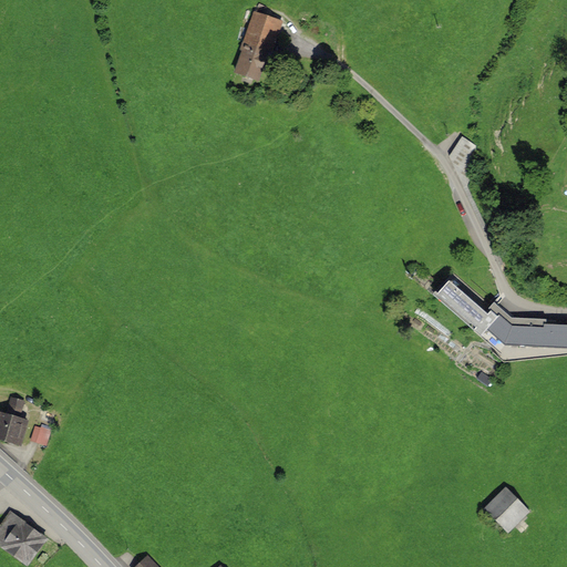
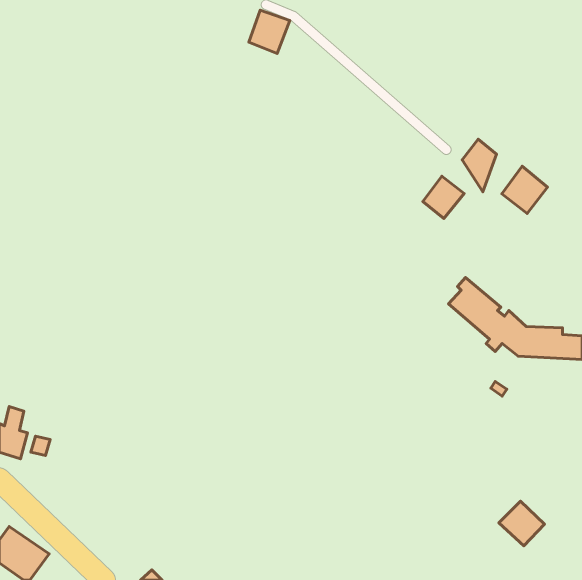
building: [233,41,269,82] -> none
building: none -> [502,166,548,213]
building: none -> [423,176,464,219]

